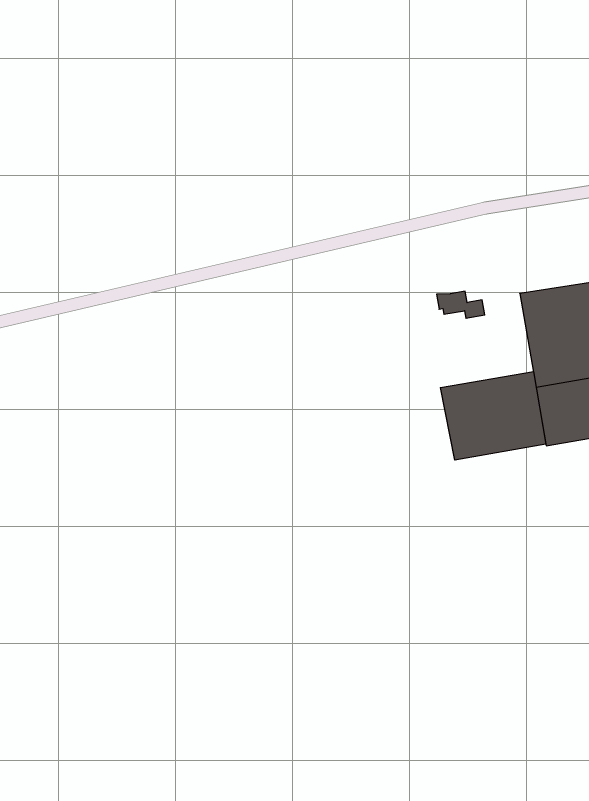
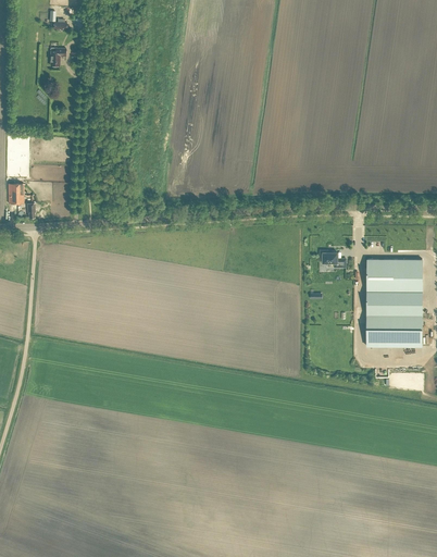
building: [440,372,546,460] -> none

